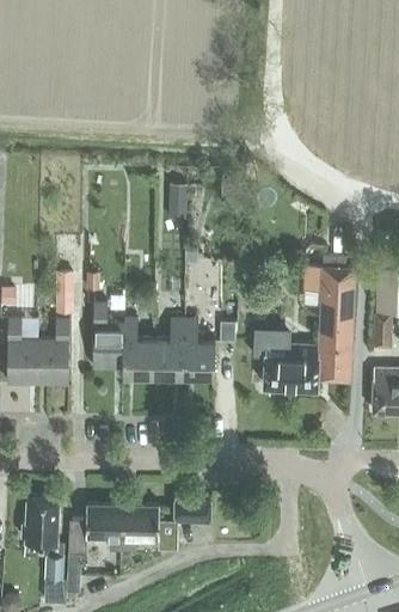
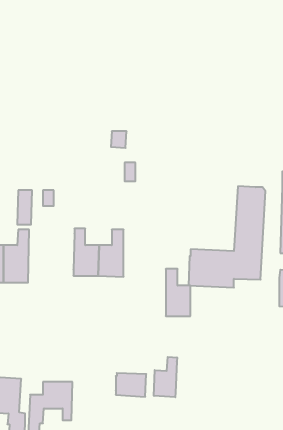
building: [93,302,124,368] -> none
building: [184,319,214,377] -> [166,269,190,316]
building: none -> [154,357,177,397]
building: [121,504,159,551] -> none

